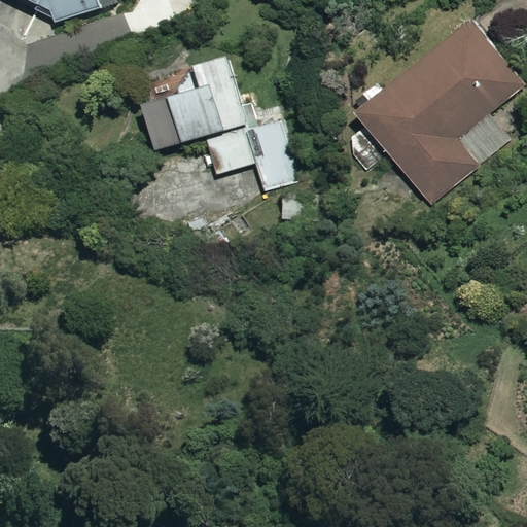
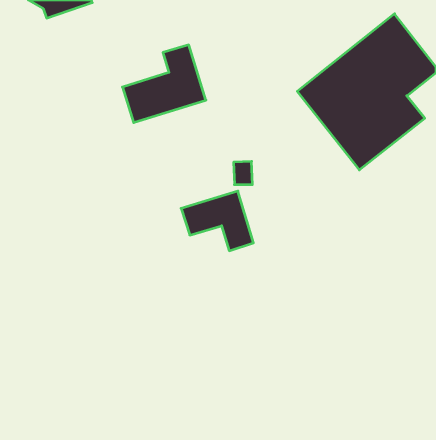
building: [205,120,291,191] -> [181,191,253,251]

